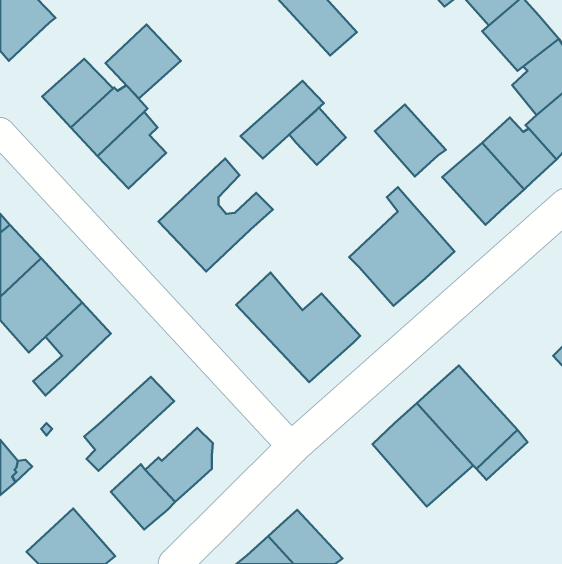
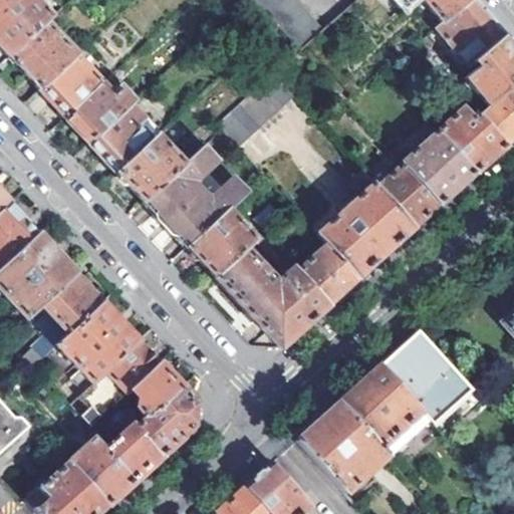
building: [106,24,181,99] -> [12,20,80,87]
building: [375,104,446,176] -> [379,163,444,228]
building: [289,107,346,165] -> none
building: none -> [120,134,188,201]
building: none -> [191,208,259,276]
building: none -> [299,242,360,304]
building: none -> [59,302,141,383]
building: none -> [135,363,183,418]
building: none -> [299,403,390,494]
building: none -> [68,435,135,504]

